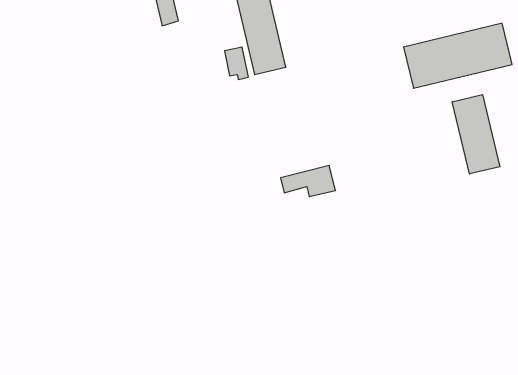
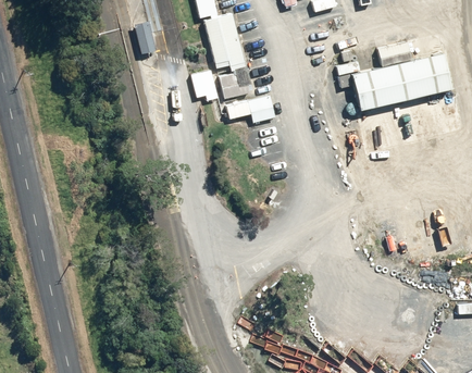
building: [452,95,500,174] -> none
building: [281,165,336,197] -> [229,98,277,125]

